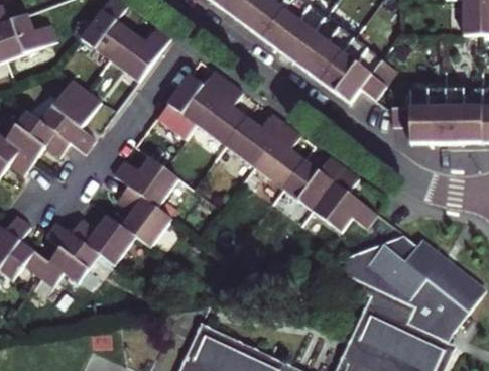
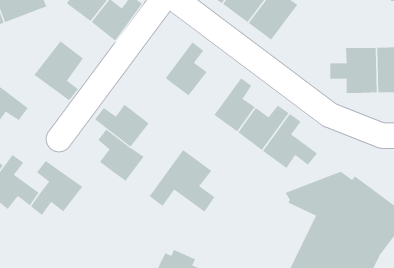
building: [323,38,396,102] -> none
building: [157,71,229,137] -> none
building: [6,110,71,160] -> none
building: [225,114,286,168] -> none
building: none -> [149,149,215,213]
building: [70,214,135,264] -> none

